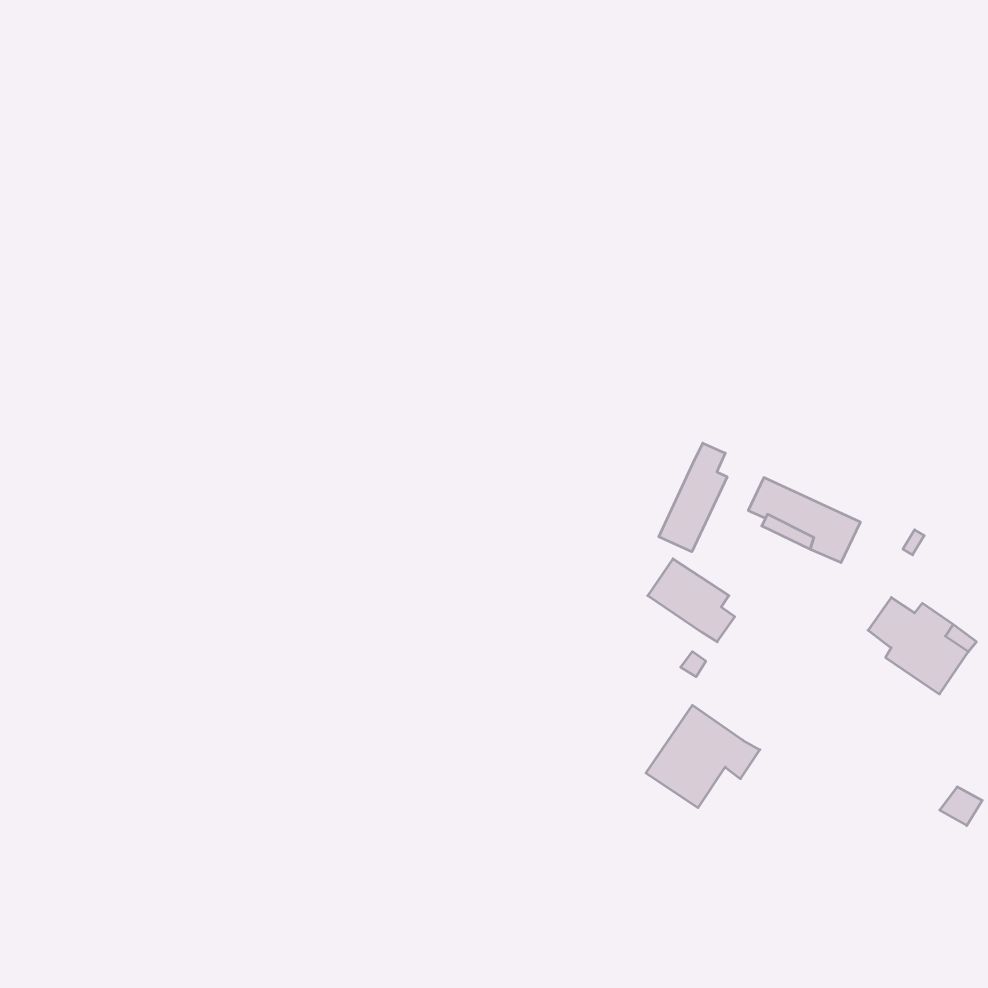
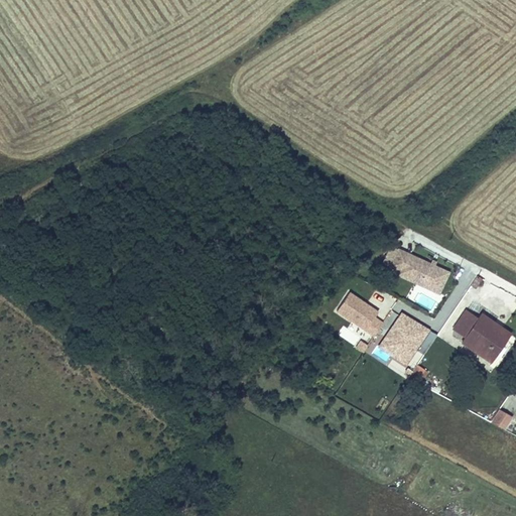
building: [659,443,727,552] -> none
building: [646,705,760,808] -> [378,310,437,364]

